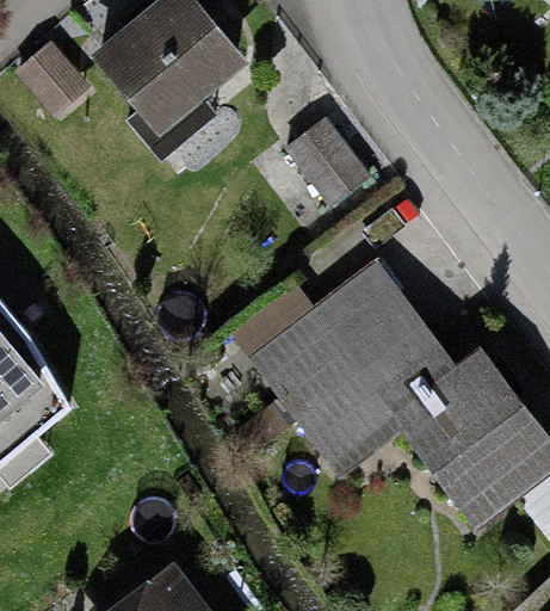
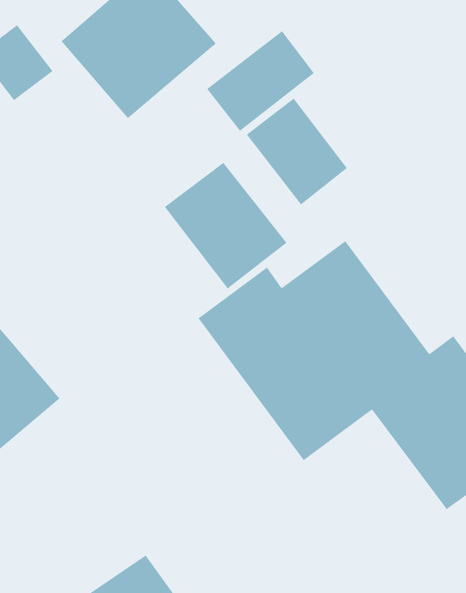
building: none -> [206,30,315,132]
building: none -> [164,162,288,289]

